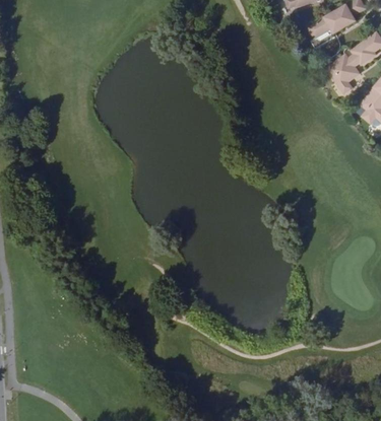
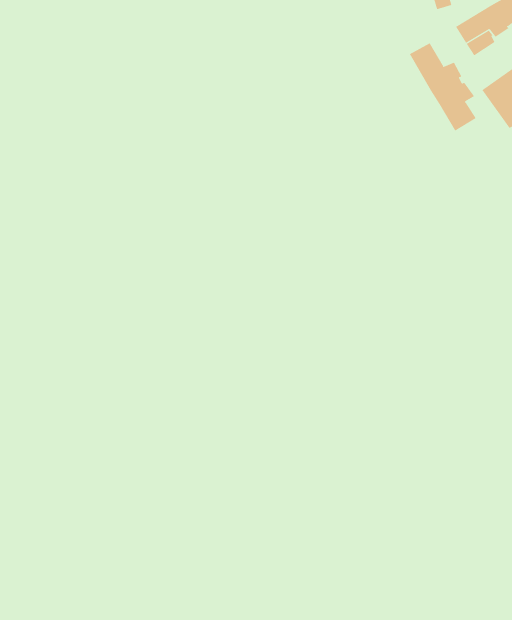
building: none -> [409,42,476,131]

